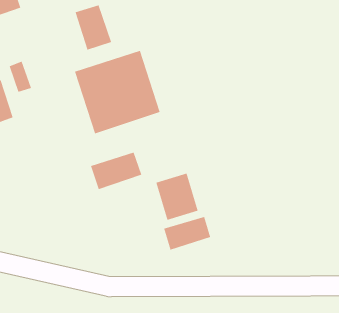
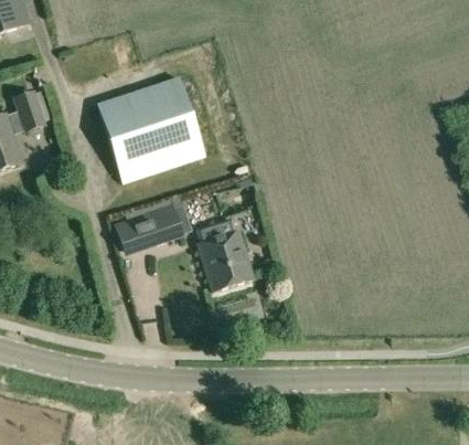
building: [75,4,112,50] -> none
building: [163,216,211,250] -> none

